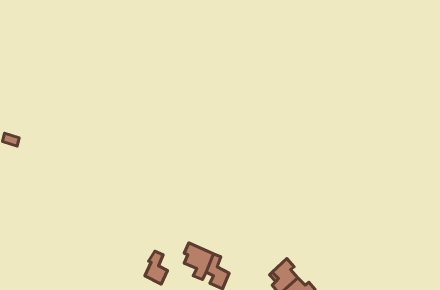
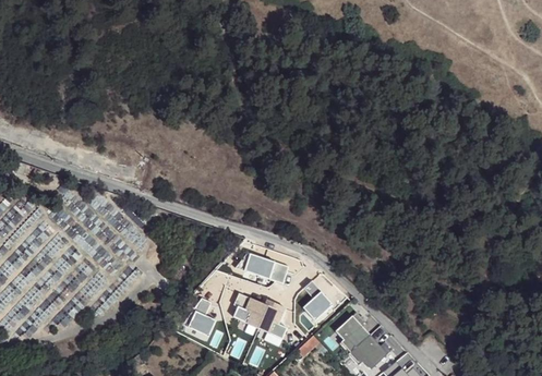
building: none -> [244,253,289,283]
building: none -> [300,280,333,330]

